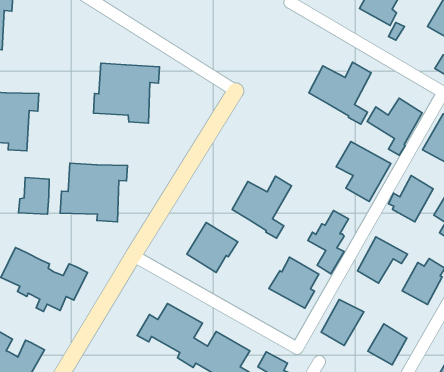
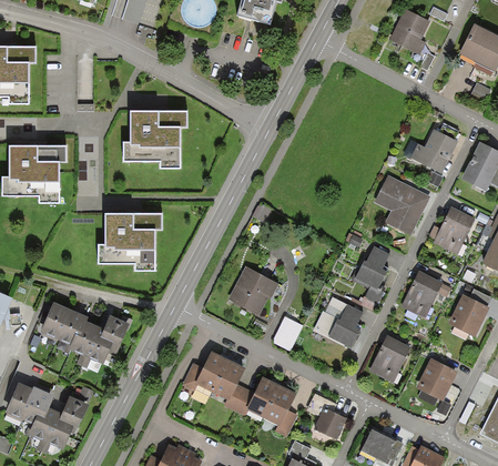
building: [309,62,371,124] -> none
building: [232,176,291,238] -> none
building: [18,177,49,214] -> none
building: none -> [273,315,303,352]

